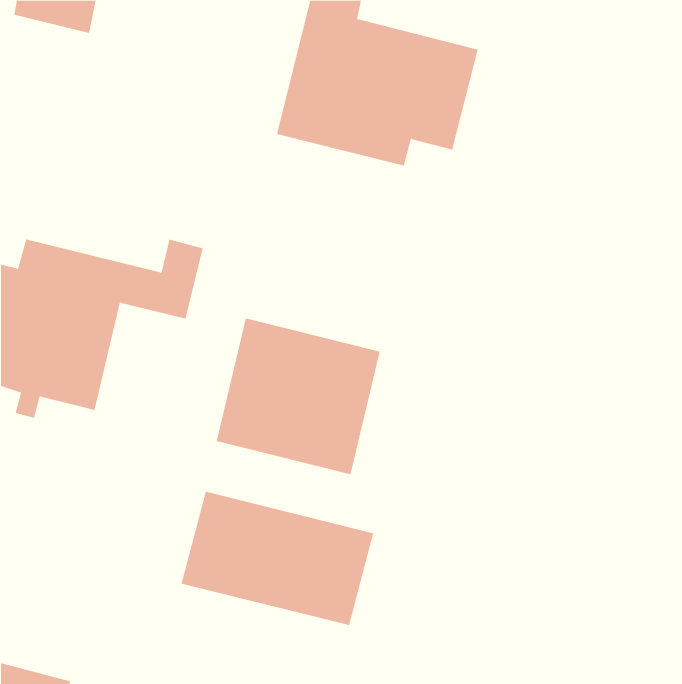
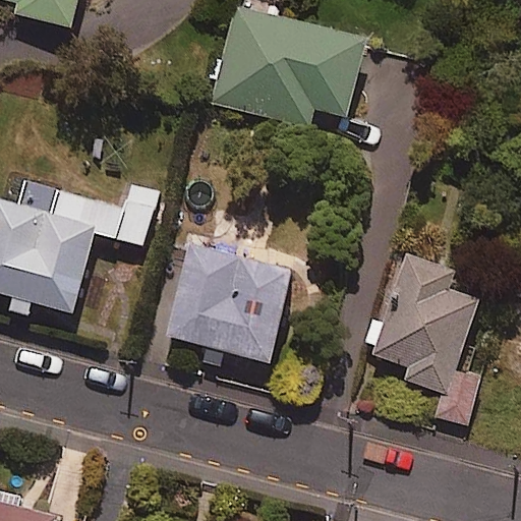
building: none -> [368,255,482,425]
building: [181,491,374,626] -> none

